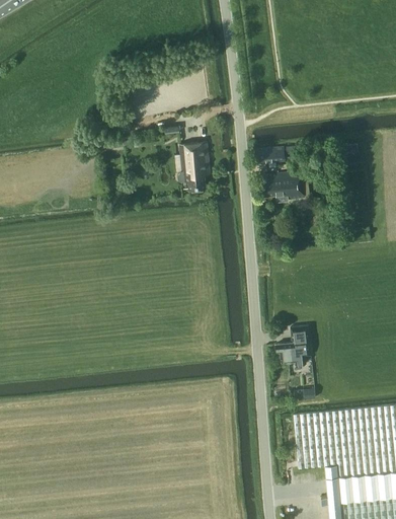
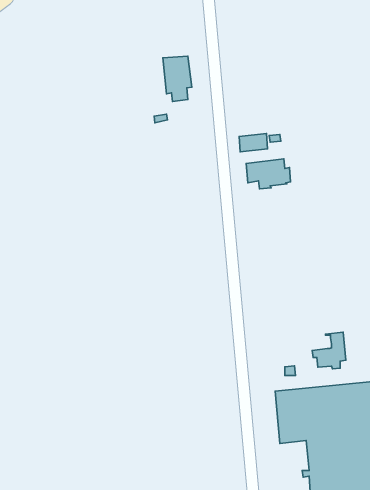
building: [181,142,212,190] -> [163,56,192,102]
building: [278,325,313,364] -> [312,332,346,369]

